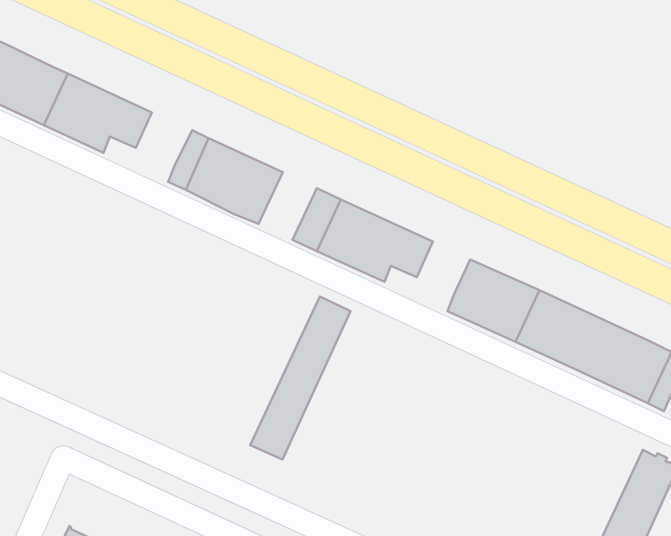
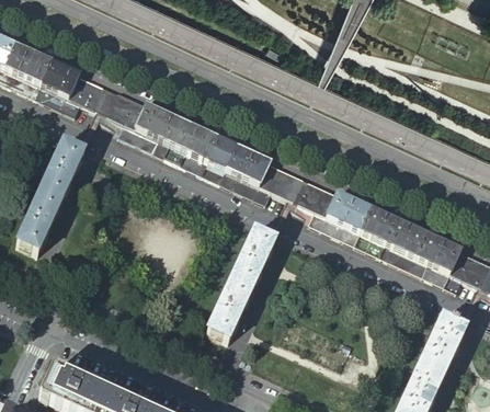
building: none -> [96,83,135,119]
building: none -> [180,124,219,170]
building: none -> [16,138,84,249]
building: none -> [287,171,323,207]
building: [250,297,350,460] -> [206,226,274,336]

